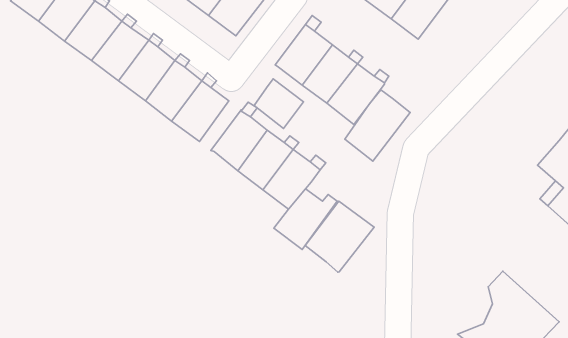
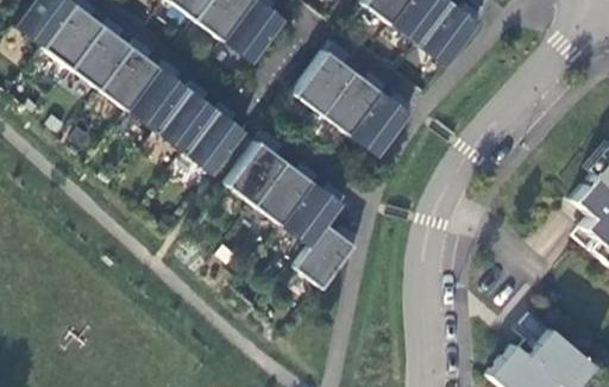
building: [254,79,304,129] -> none
building: [345,90,410,161] -> none
building: [305,201,374,272] -> none

